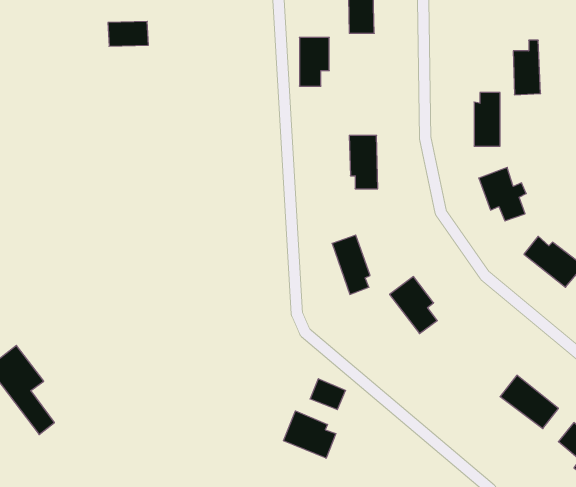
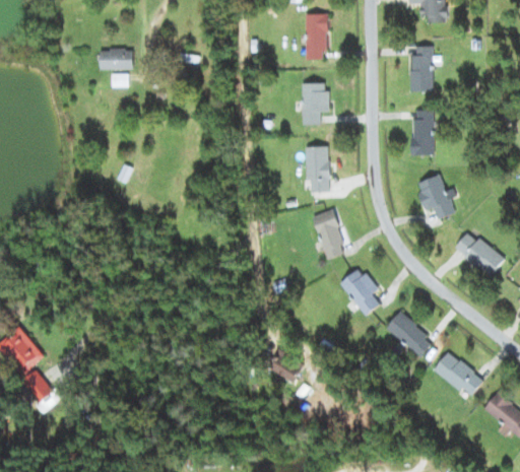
building: [299,37,329,86] -> [302,82,327,124]
building: [513,40,541,95] -> [410,46,434,92]
building: [332,235,370,294] -> [312,209,344,260]
building: none -> [386,312,434,356]
building: [284,411,336,458] -> none

